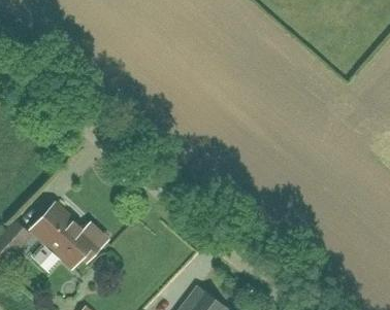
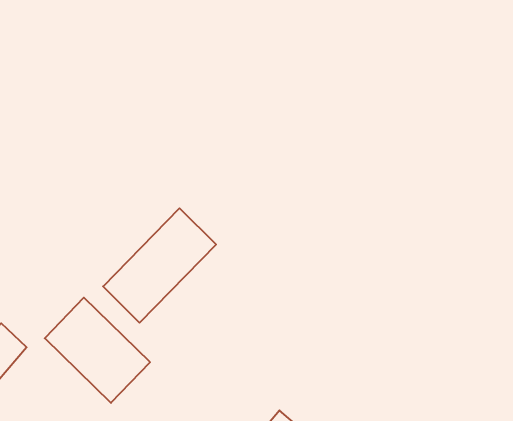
building: none -> [103,208,216,323]

